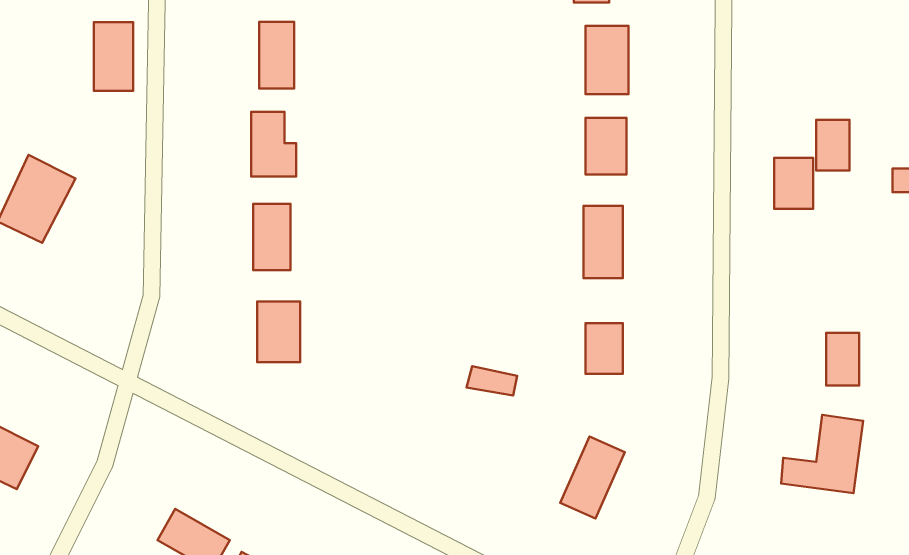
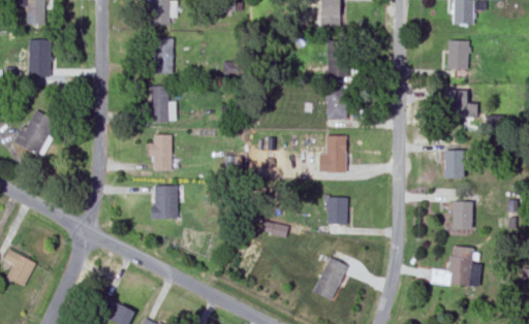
building: [94,22,133,91] -> [29,40,50,76]
building: none -> [448,40,468,69]
building: [774,158,813,209] -> [443,151,464,177]

